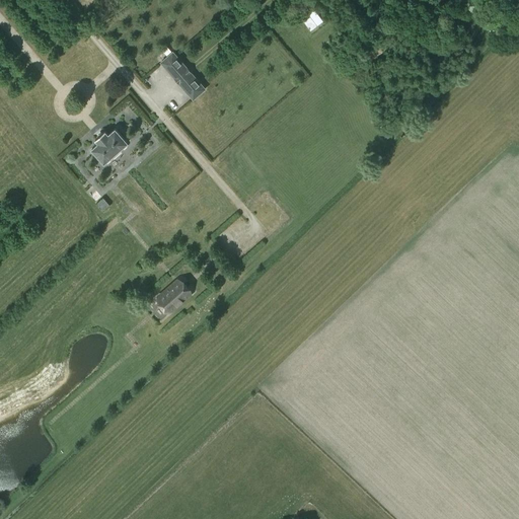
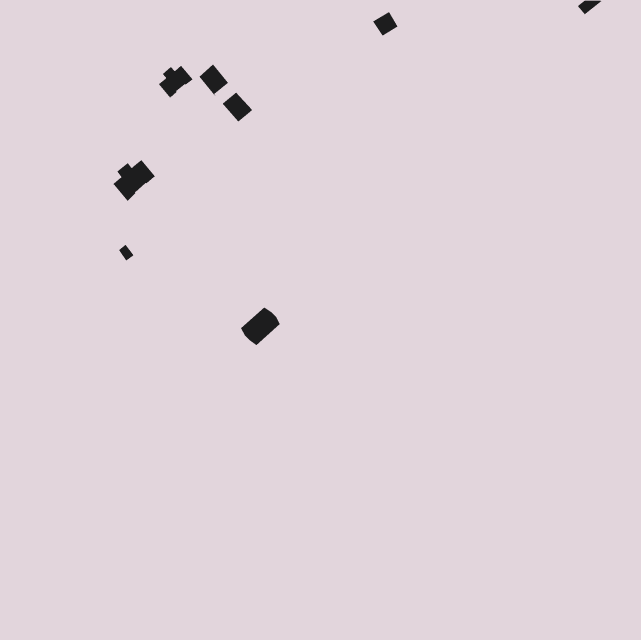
building: none -> [158,65,193,98]
building: [157,282,190,313] -> [240,307,280,346]

